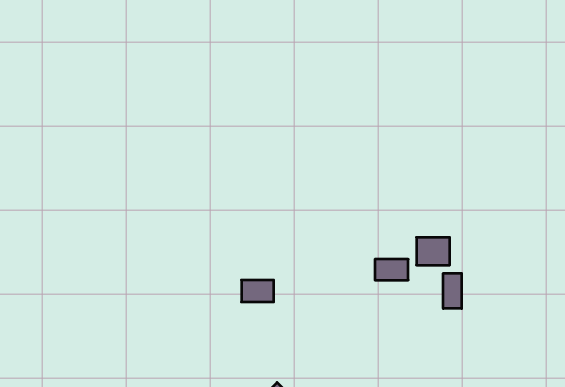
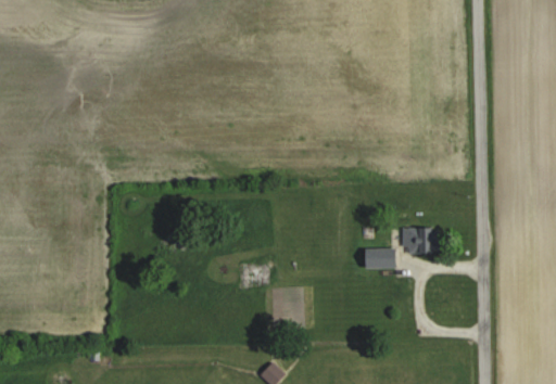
building: [443,273,462,309] -> none

